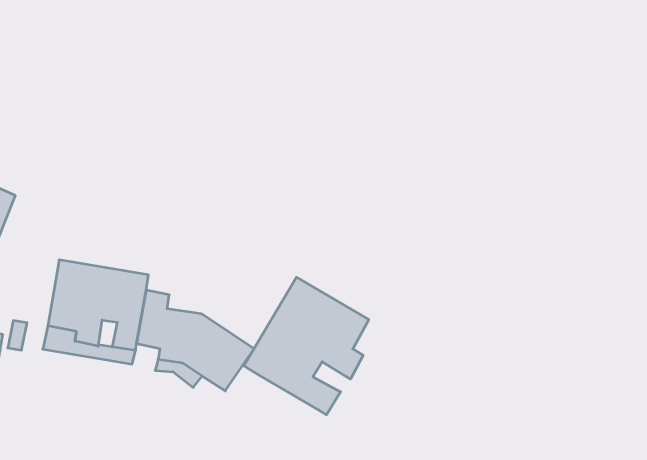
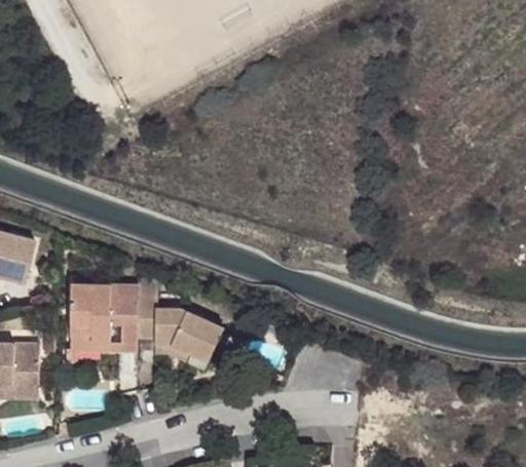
building: [244,277,369,415] -> none

